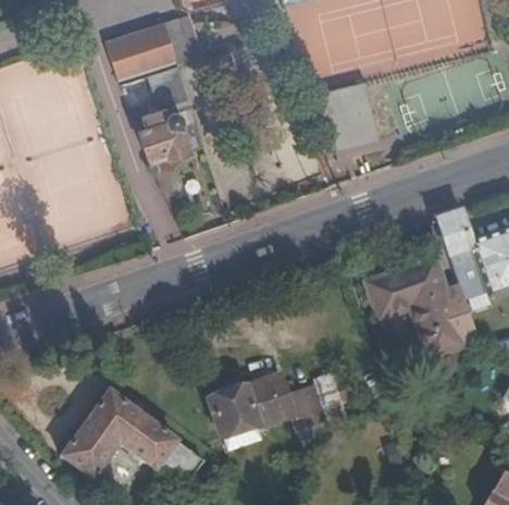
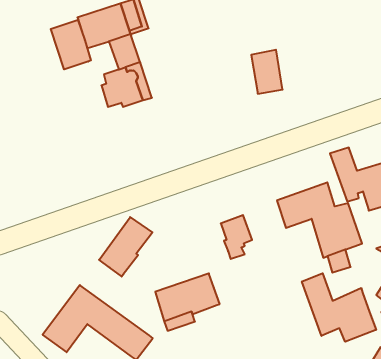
building: none -> [51,20,91,69]
building: none -> [99,217,152,277]
building: none -> [302,273,376,342]
building: [285,382,326,440] -> [221,215,252,259]

